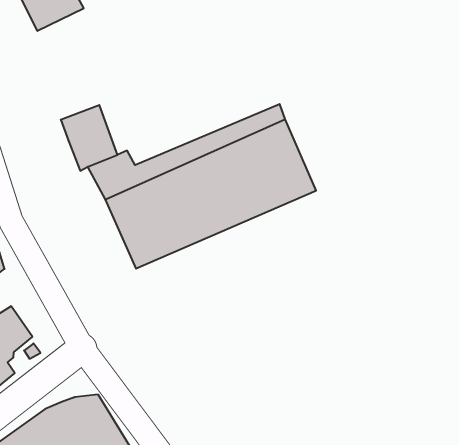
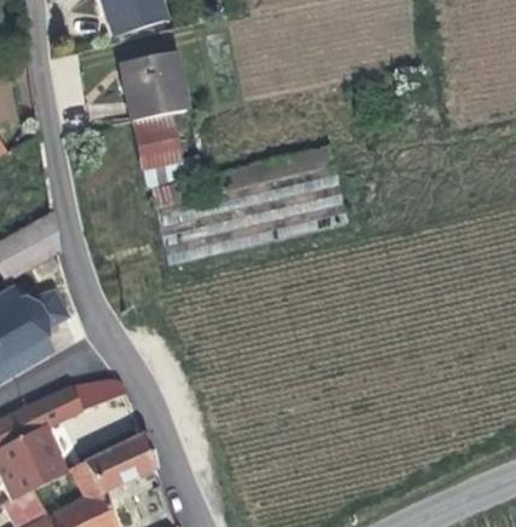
building: none -> [121,57,183,125]

